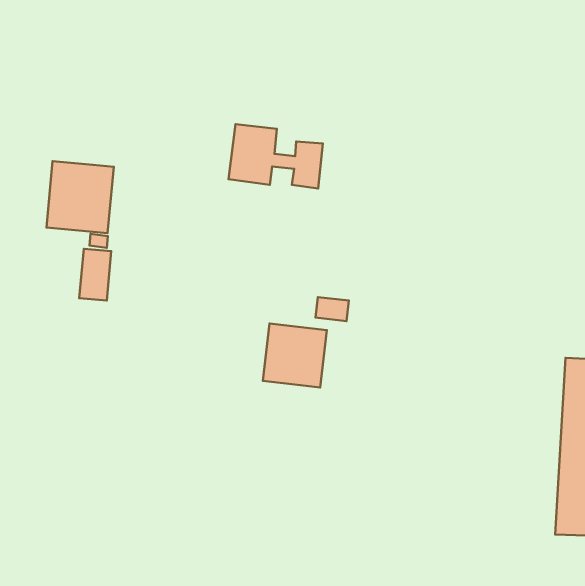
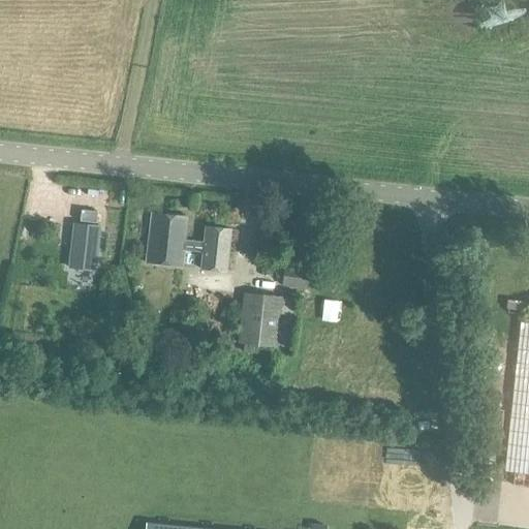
building: [229,124,323,188] -> [146,213,230,271]
building: [46,161,114,233] -> none

